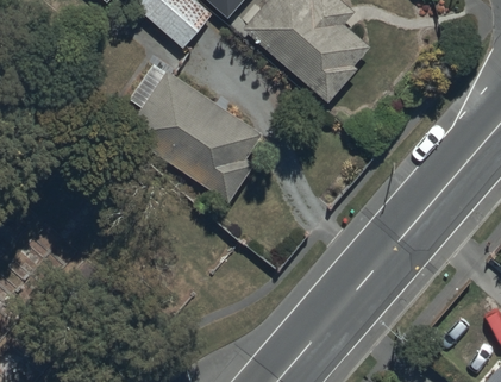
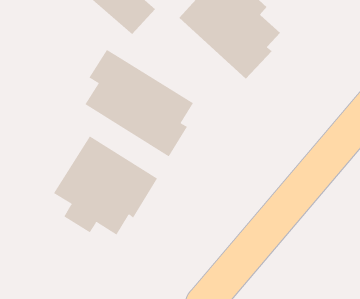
building: none -> [53,135,158,235]

